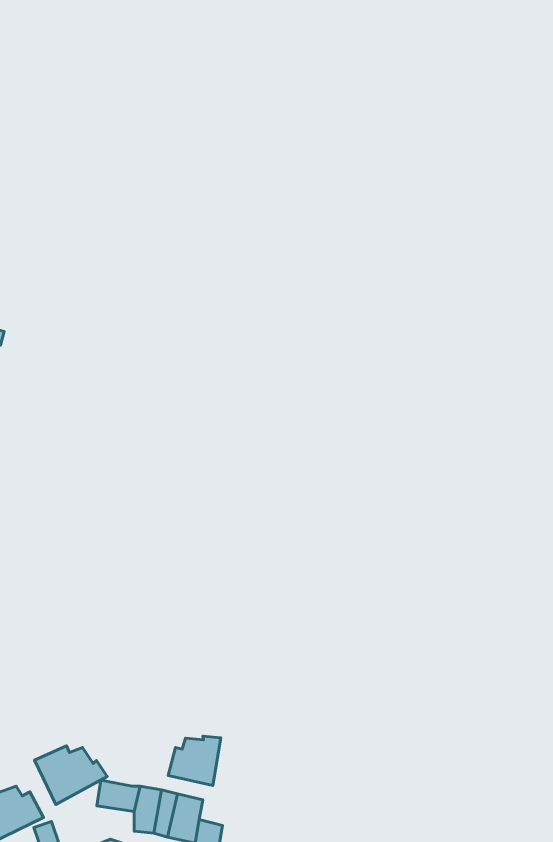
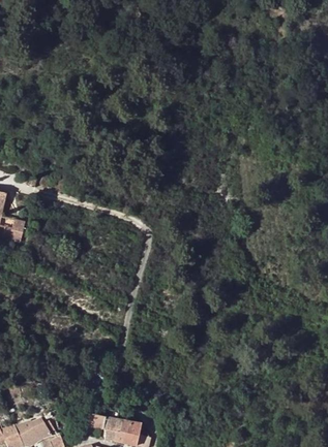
building: [168,736,221,786] -> none
building: [35,746,107,805] -> none

